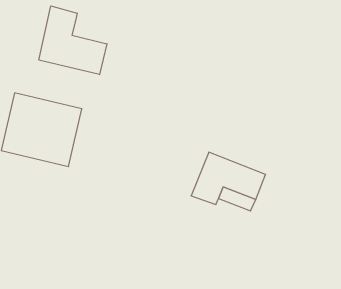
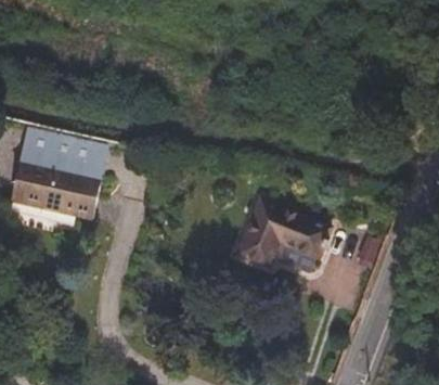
building: [39,6,107,75] -> none

